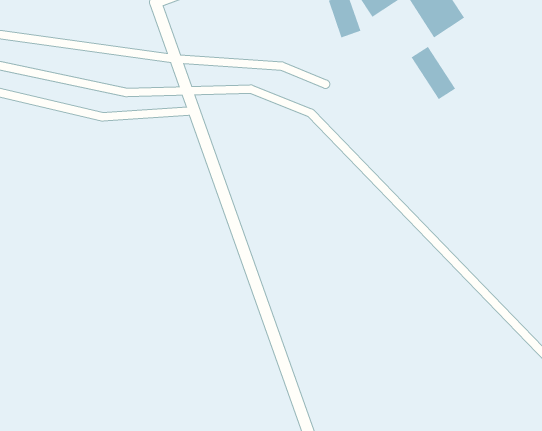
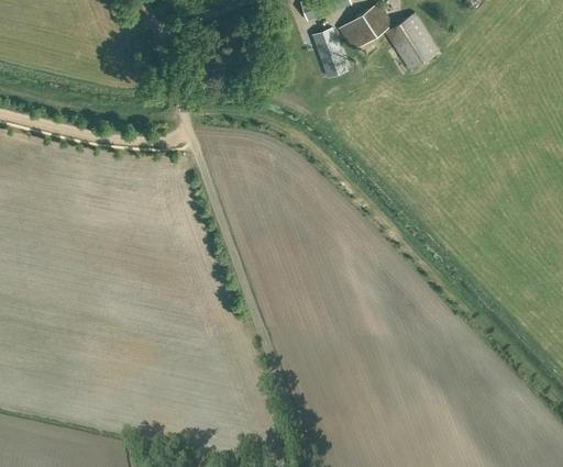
building: [410,46,456,100] -> none

